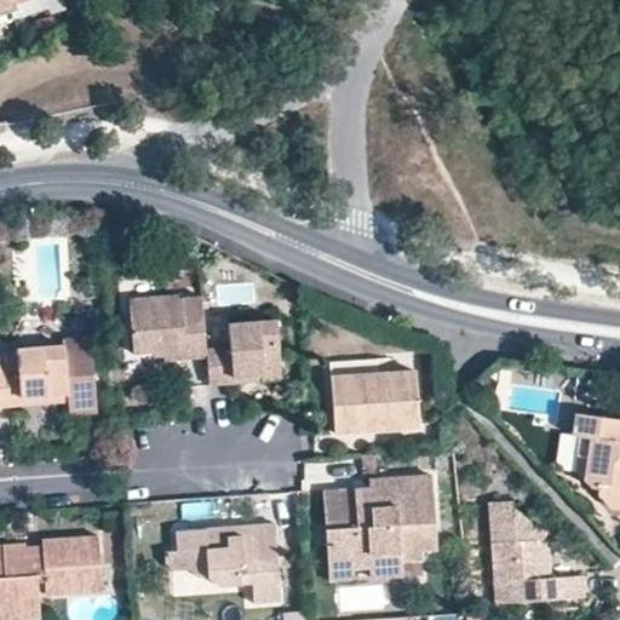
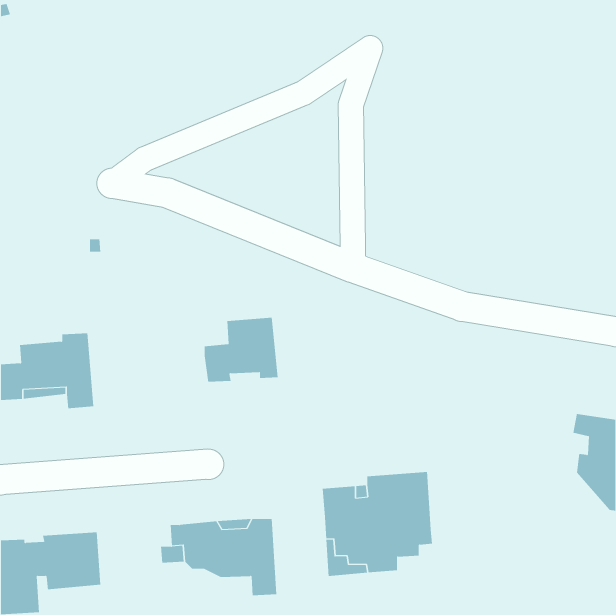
building: [128,294,205,360] -> none
building: [331,368,421,429] -> none
building: [490,503,584,603] -> none

